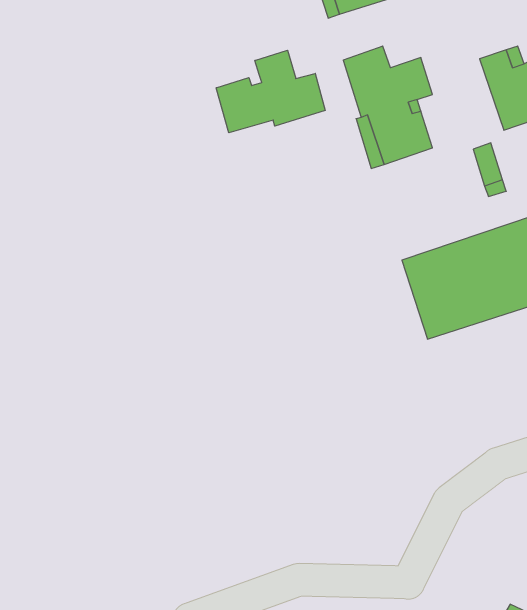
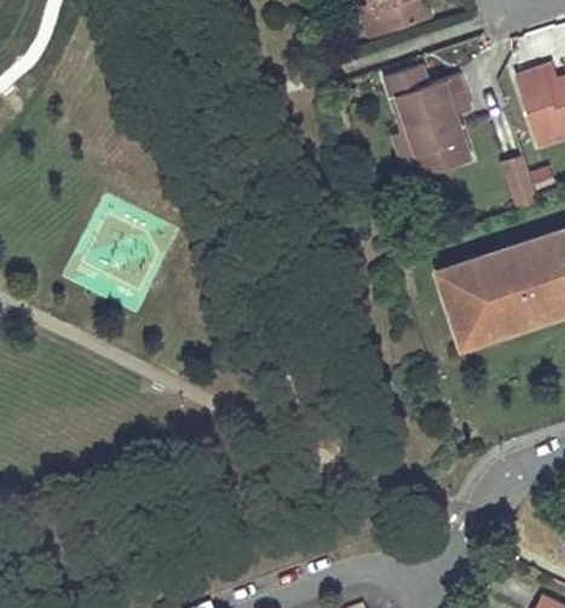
building: [216,50,325,133] -> none

